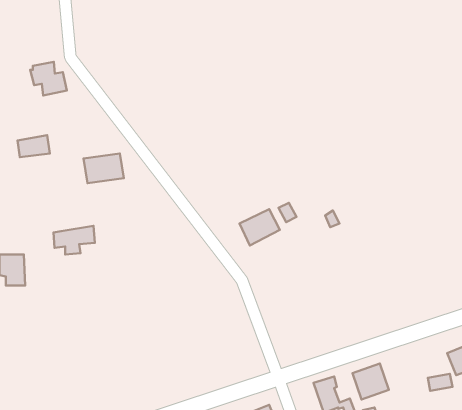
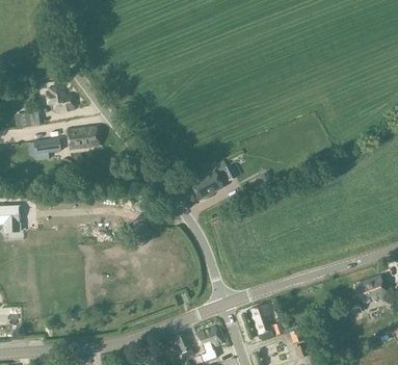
building: [30,62,67,96] -> [46,85,75,112]
building: [53,226,95,254] -> [28,137,61,160]
building: [352,364,389,399] -> none

